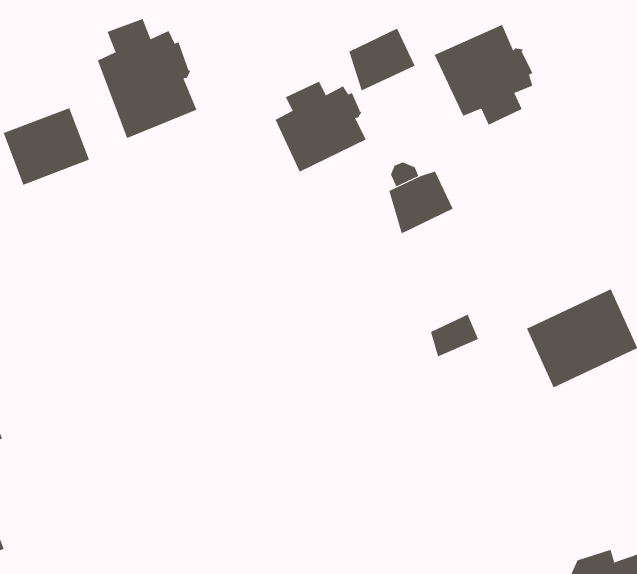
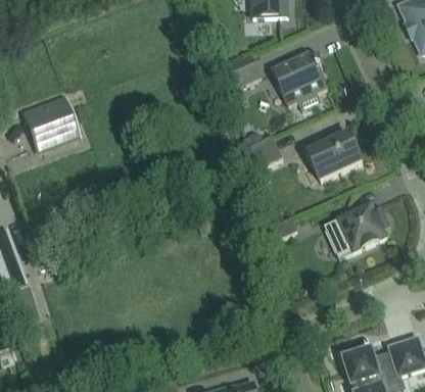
building: [97,18,197,139] -> none
building: [275,81,367,172] -> none
building: none -> [303,132,362,180]

